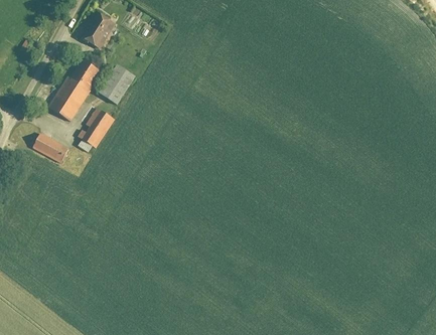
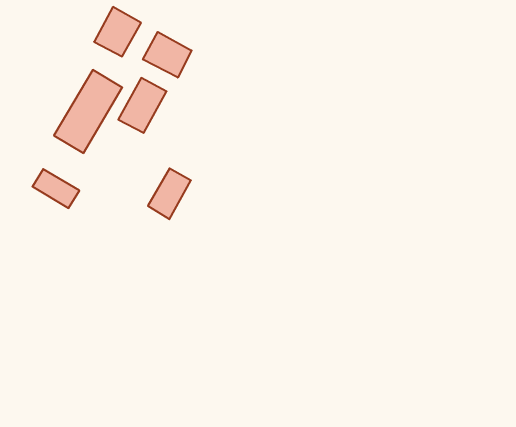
building: none -> [143,32,192,78]
building: [81,109,113,147] -> [148,168,191,219]

